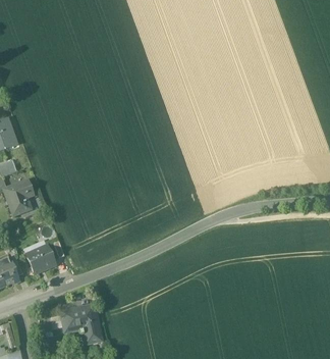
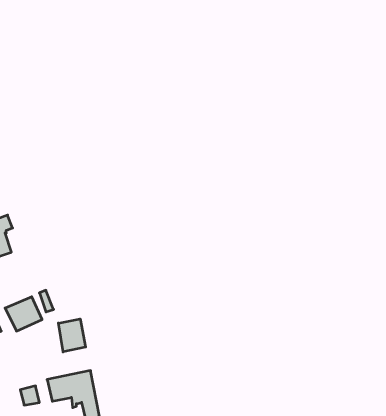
building: none -> [58,319,86,352]

